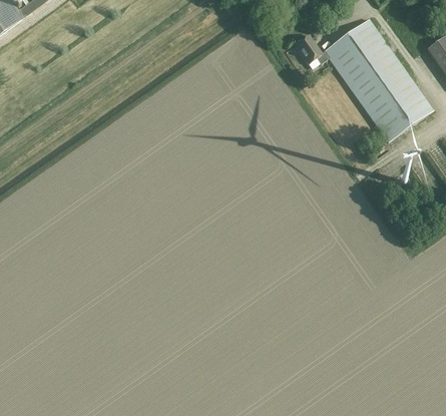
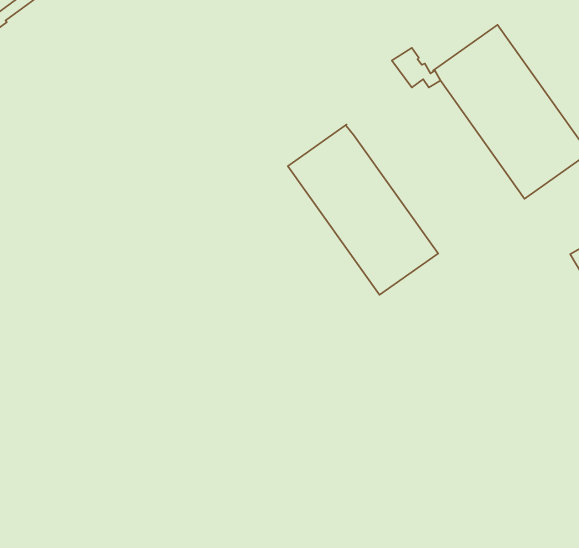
building: none -> [288,125,438,295]

